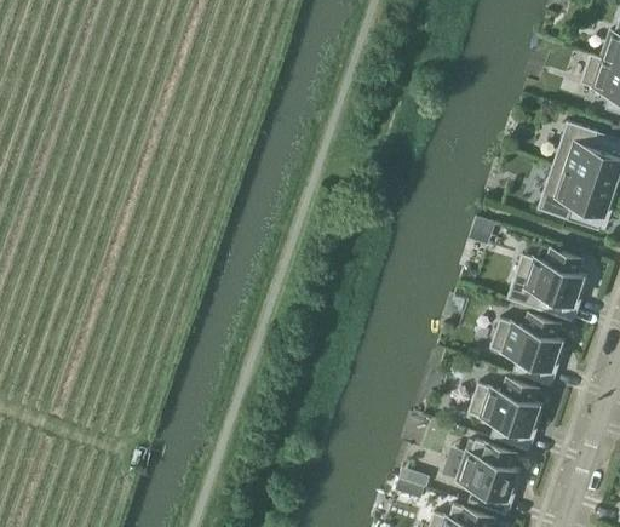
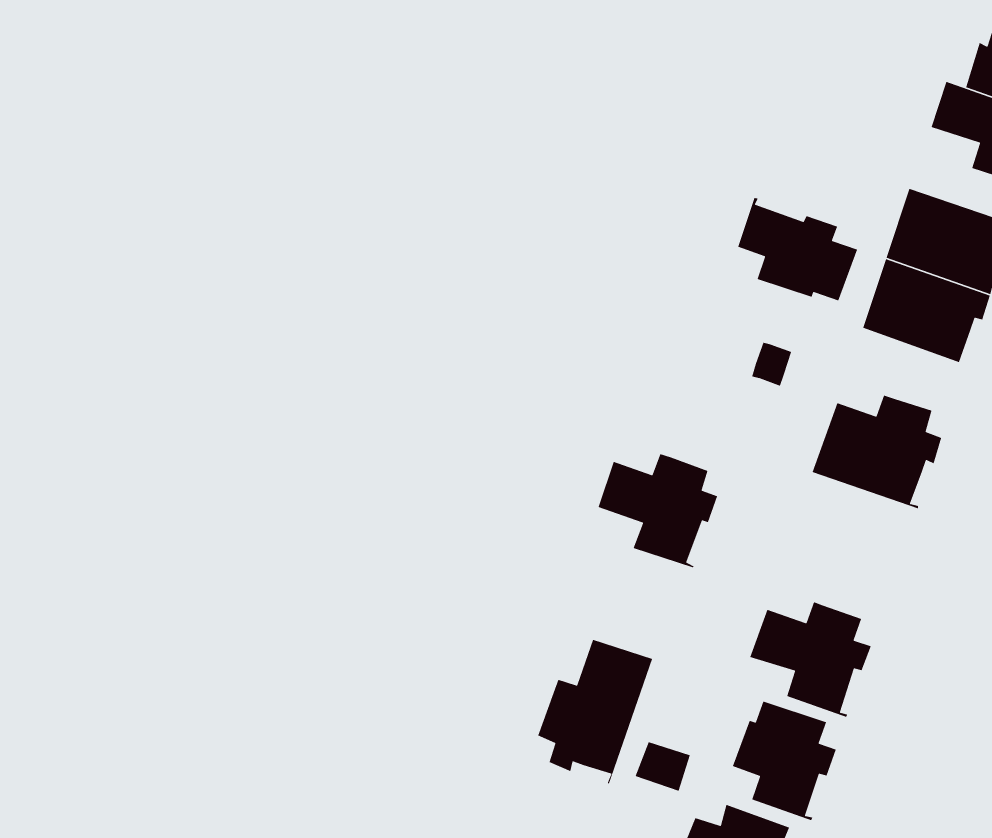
building: none -> [737,197,858,301]
building: [490,313,566,384] -> [597,453,718,568]
building: none -> [537,639,653,785]

